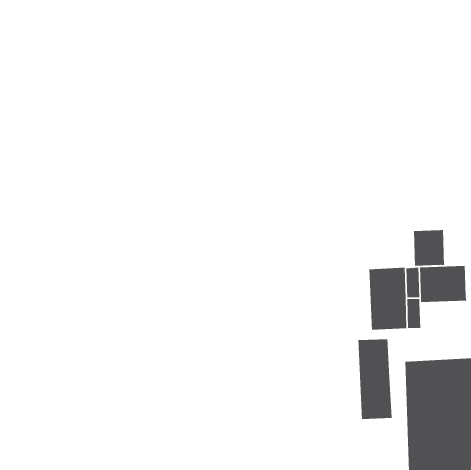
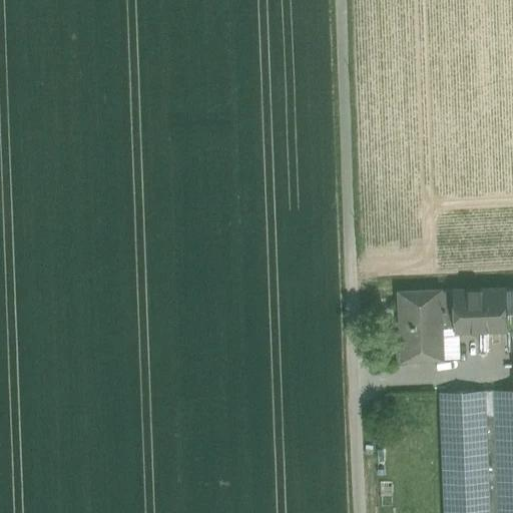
building: [413,229,445,266] -> none
building: [358,338,392,420] -> none

